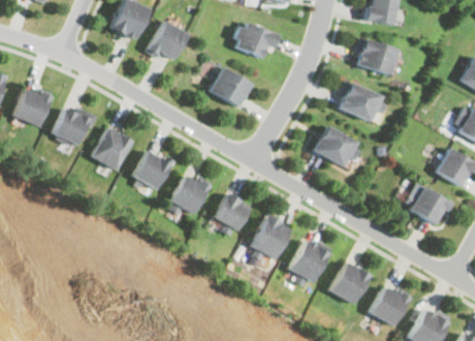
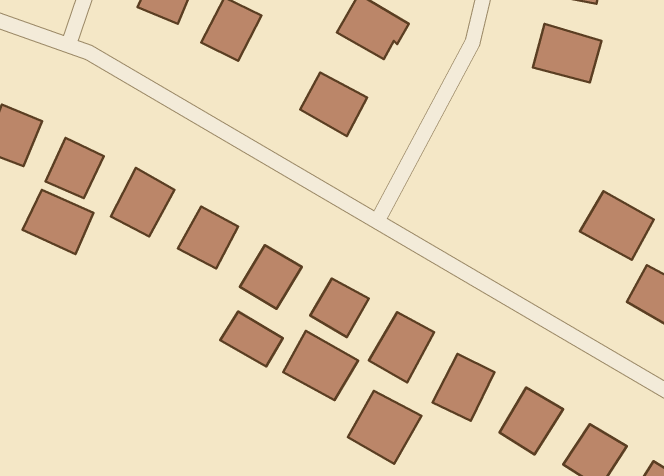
building: [337,83,381,121] -> none
building: [313,126,358,168] -> [580,191,654,260]
building: none -> [23,190,93,254]
building: none -> [220,311,283,367]
building: none -> [283,331,358,400]
building: none -> [348,391,421,464]

